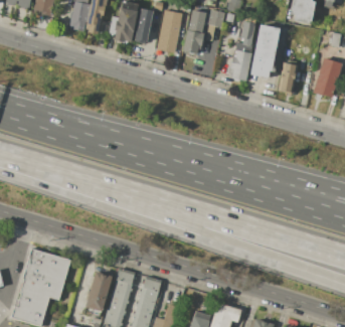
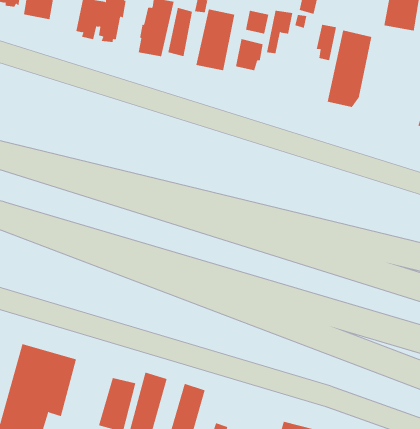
building: [231,50,251,83] -> none
building: [277,59,298,95] -> none

